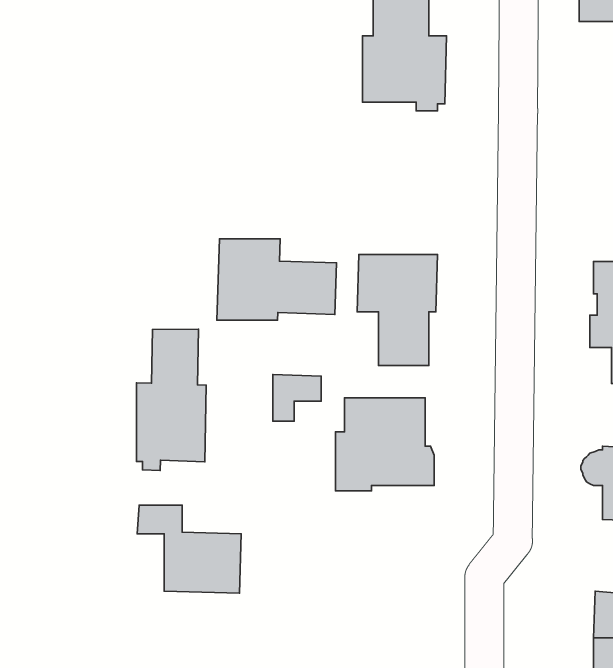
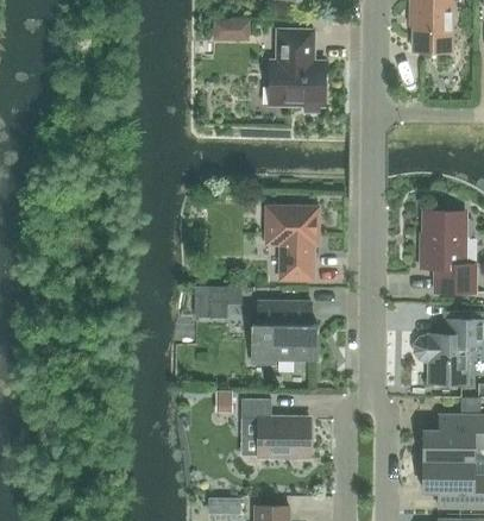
building: [217,239,336,320] -> none
building: [137,329,206,471] -> none
building: [137,505,241,593] -> [240,400,309,458]

